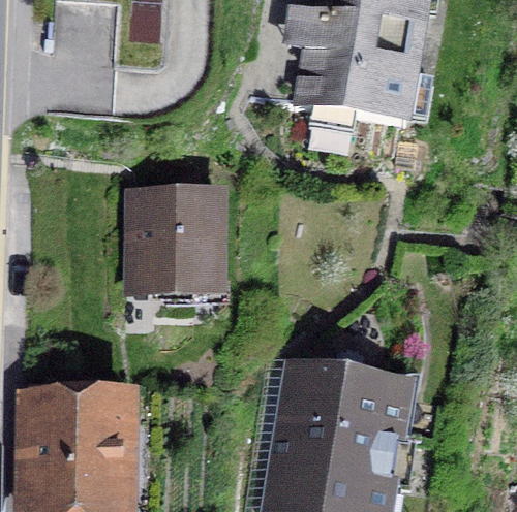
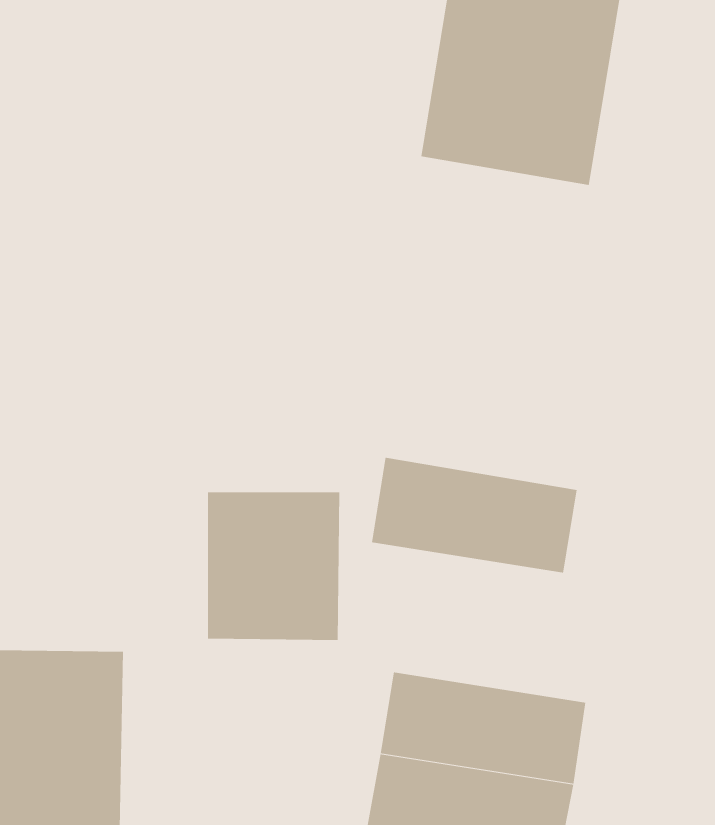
building: [138,198,218,288] -> [207,492,340,640]
building: [281,364,406,435] -> [371,457,578,573]

